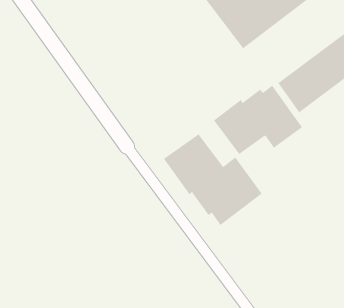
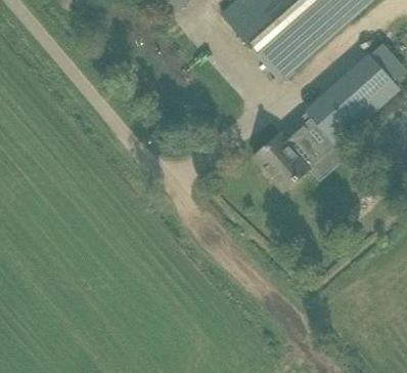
building: [163,133,262,226] -> none

